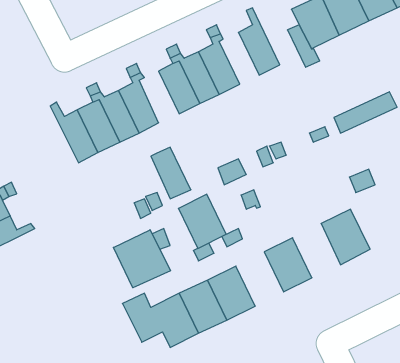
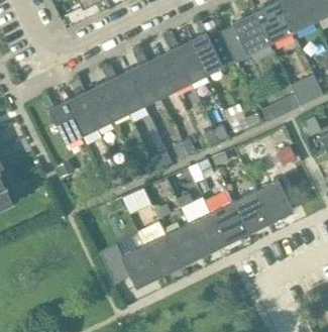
building: none -> [175,41,206,82]
building: [151,147,191,199] -> [112,72,143,112]
building: [178,194,226,248] -> [188,213,225,255]
building: none -> [232,191,269,233]
building: [113,230,170,288] -> none

